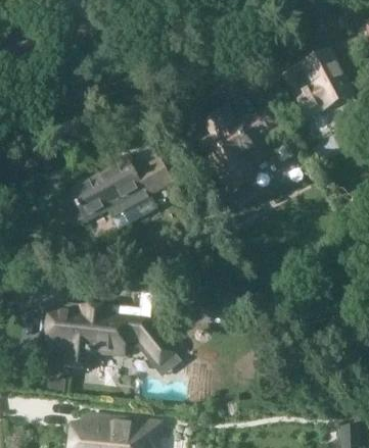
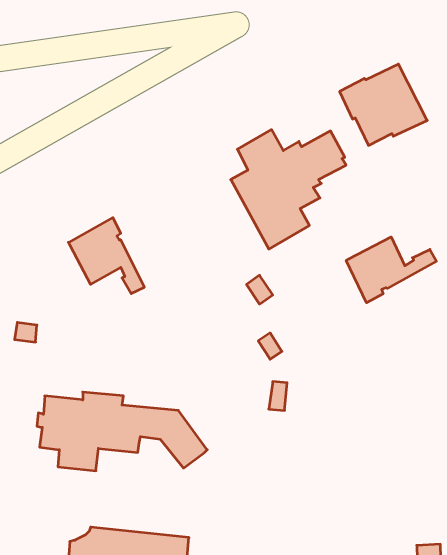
building: [103,157,172,225] -> none
building: none -> [346,237,436,303]

